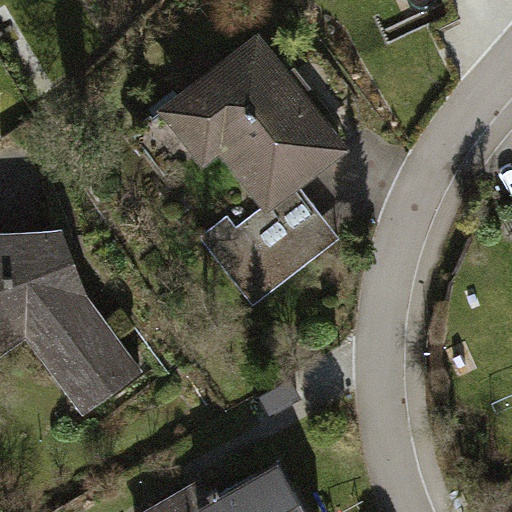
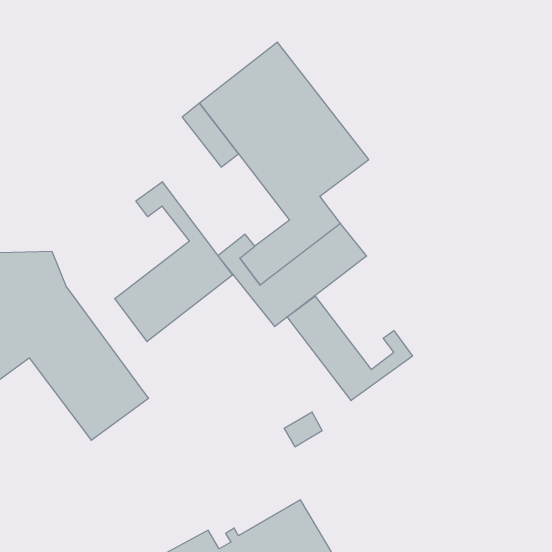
building: none -> [115,182,233,342]
building: none -> [287,296,412,401]

